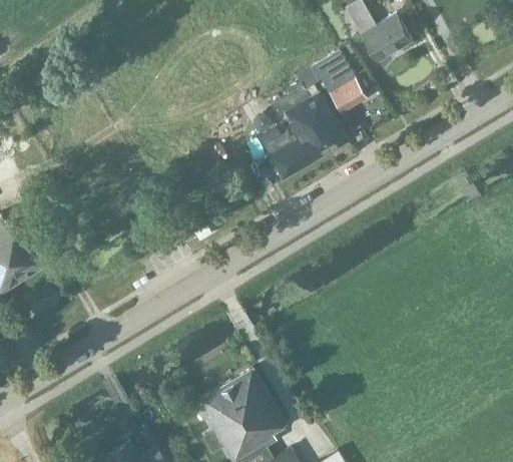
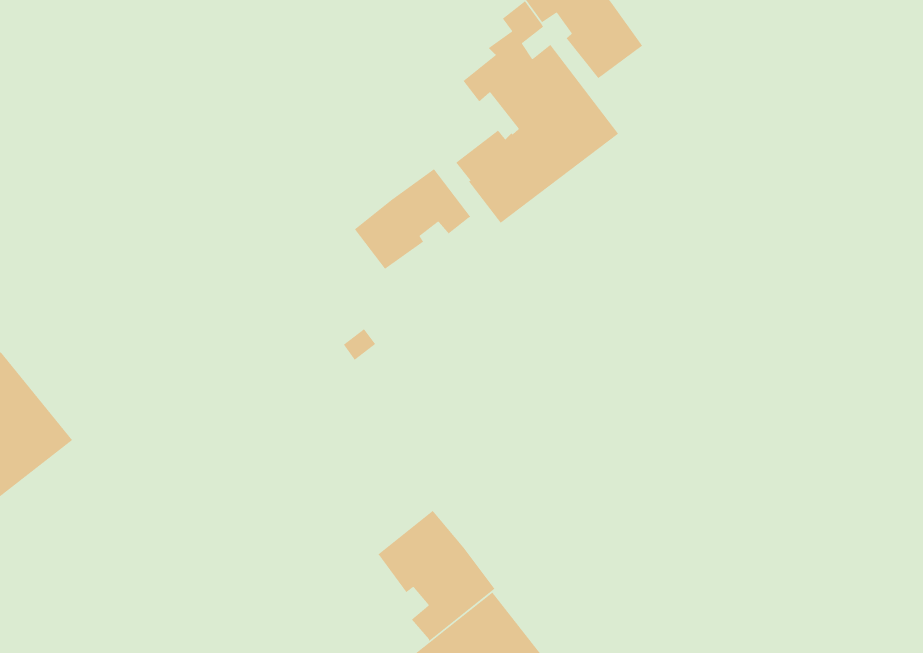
building: none -> [354,168,472,270]
building: none -> [378,510,495,642]

